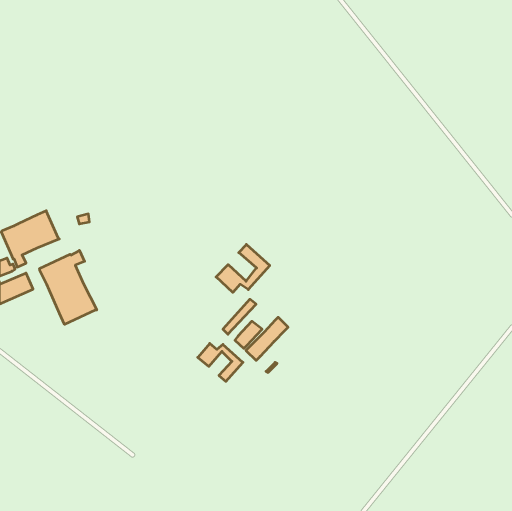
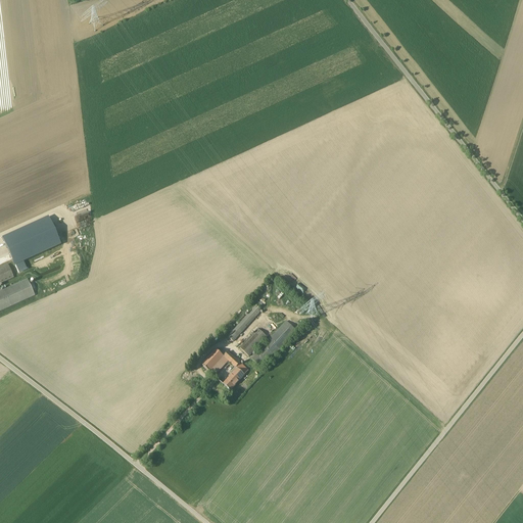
building: [216,244,270,292] -> none
building: [40,250,97,324] -> none

